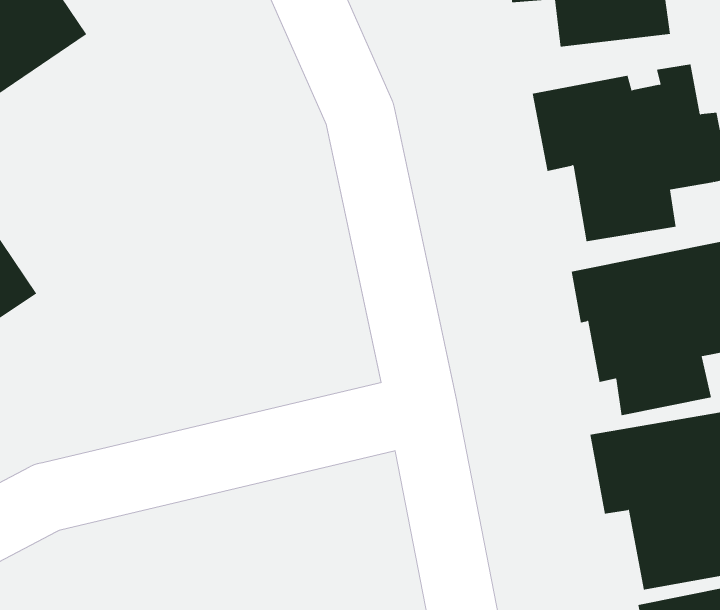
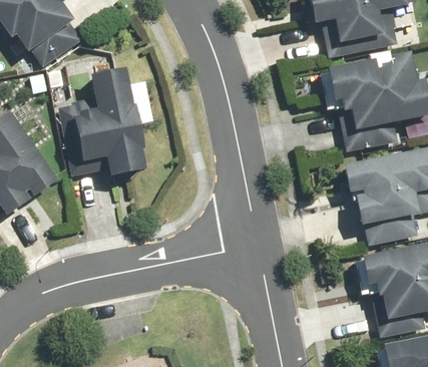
building: none -> [64,68,157,173]

